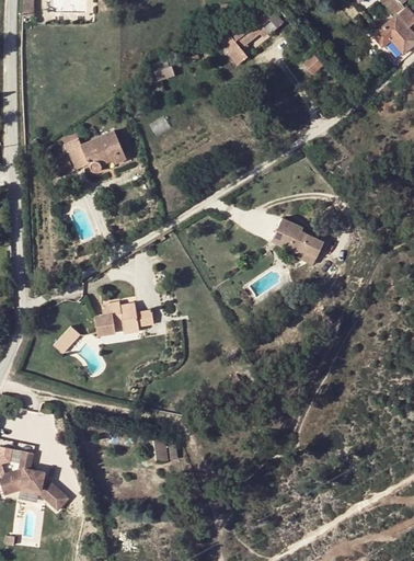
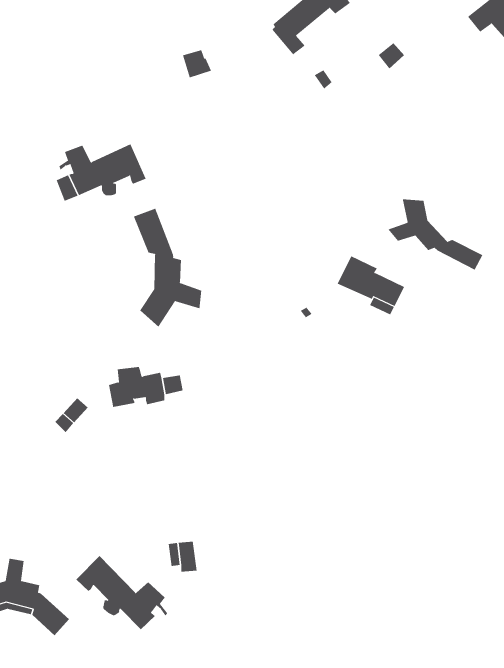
building: none -> [388,198,483,270]
building: none -> [133,208,202,327]
building: none -> [76,555,168,630]

